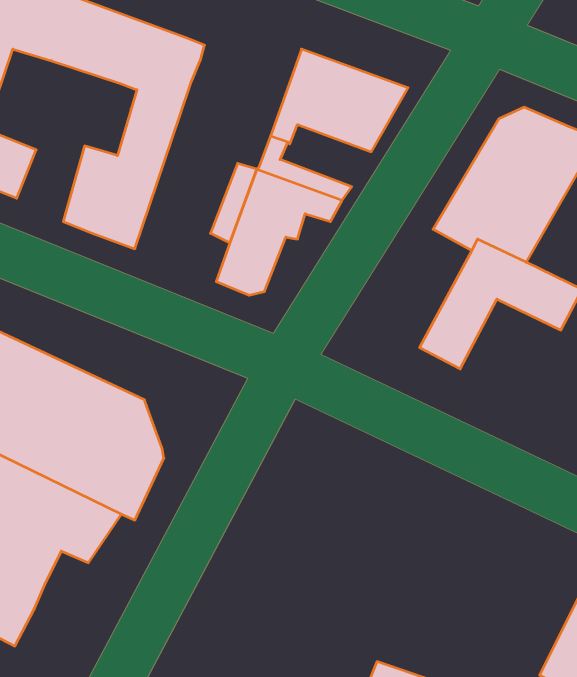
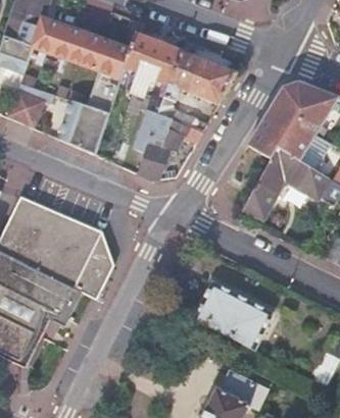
building: none -> [123,32,181,94]
building: none -> [191,283,271,350]

